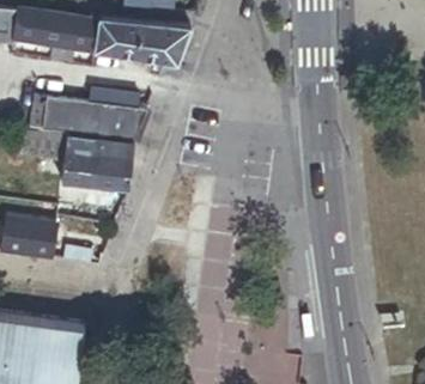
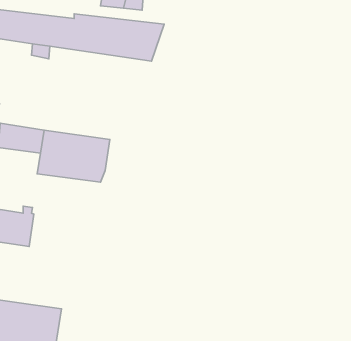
building: [30,97,146,141] -> none

